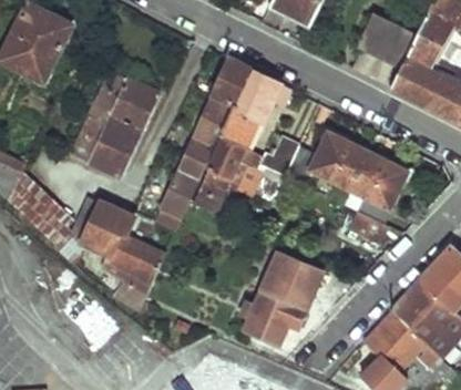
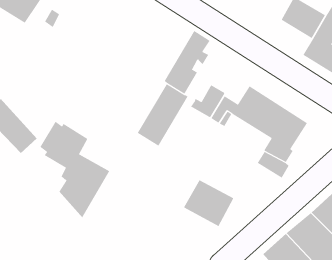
building: [156,57,254,229] -> none
building: [76,71,157,174] -> none
building: [242,290,308,347] -> none

